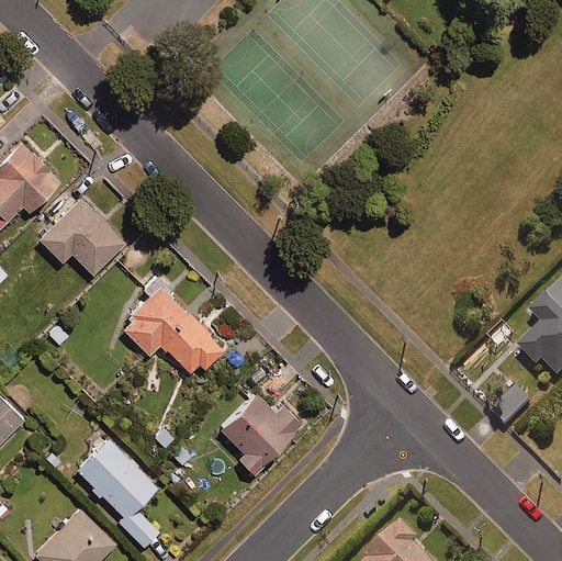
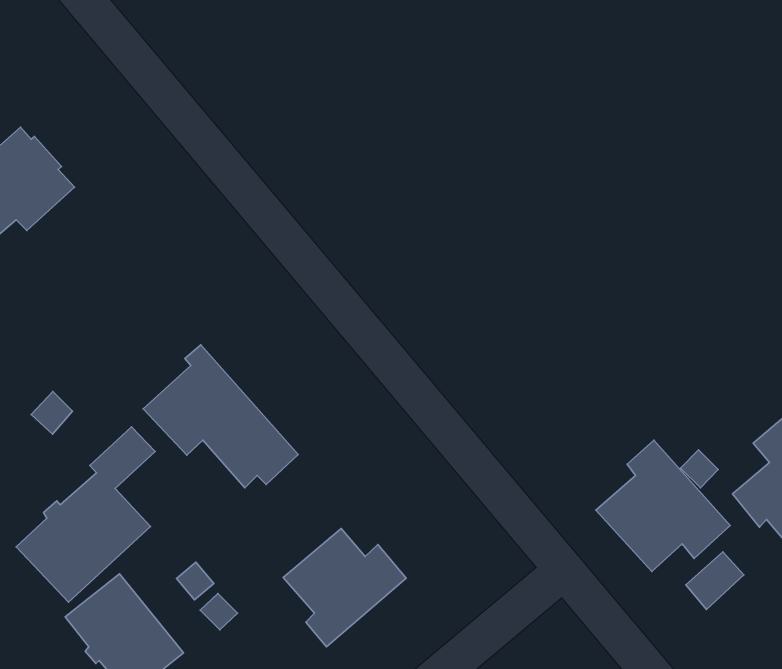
building: [40,199,125,277] -> none
building: none -> [596,440,730,571]
building: none -> [16,427,155,602]

